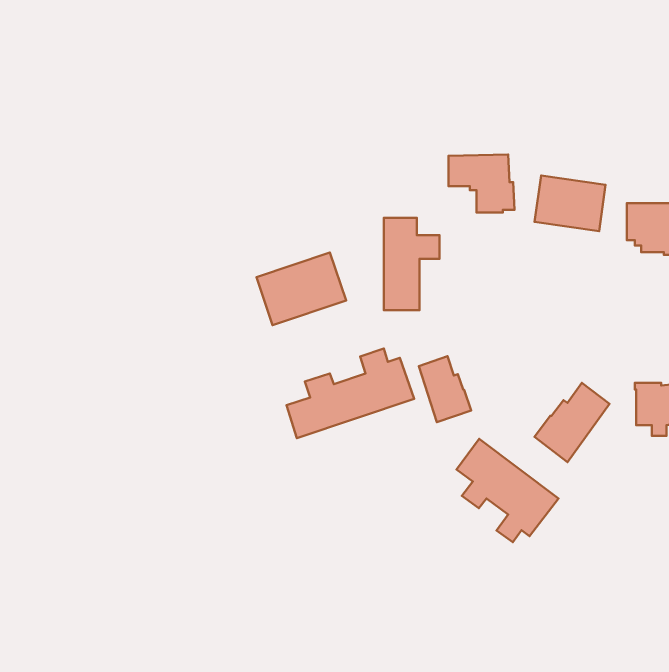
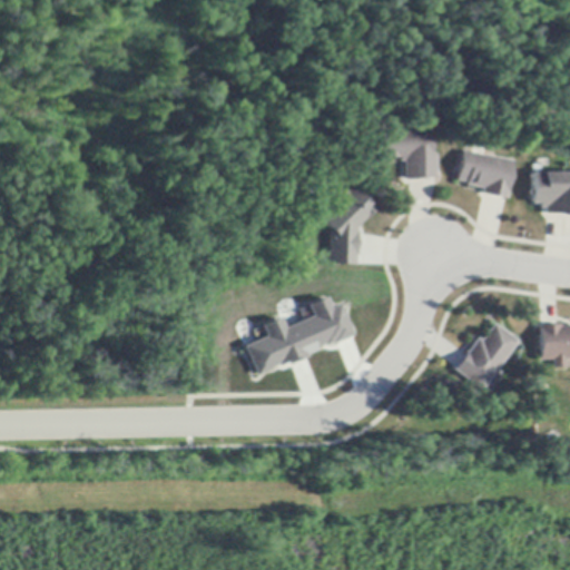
building: [256,252,346,325] -> none
building: [419,356,471,422] -> none
building: [457,439,558,542] -> none

